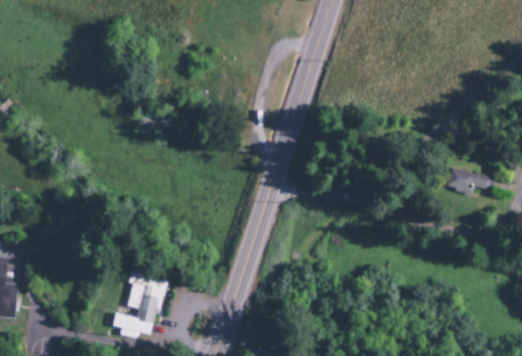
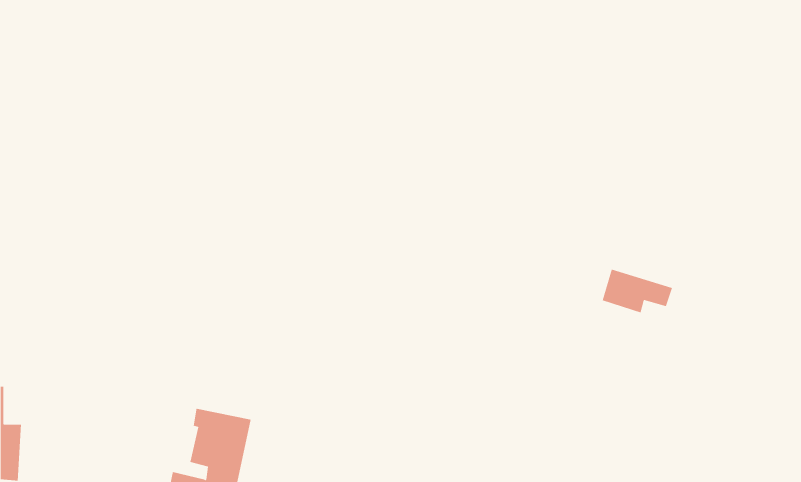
building: [446,166,491,195] -> [602,269,673,313]

